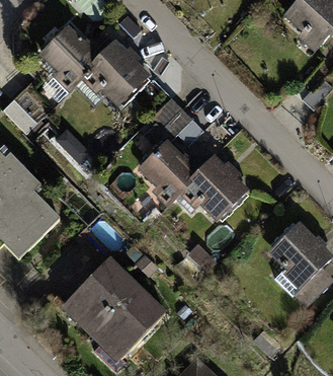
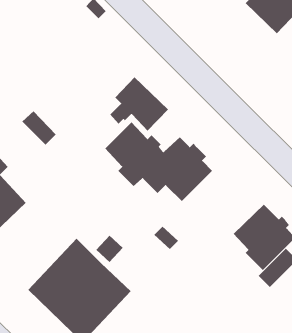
building: [39,23,150,106] -> none

